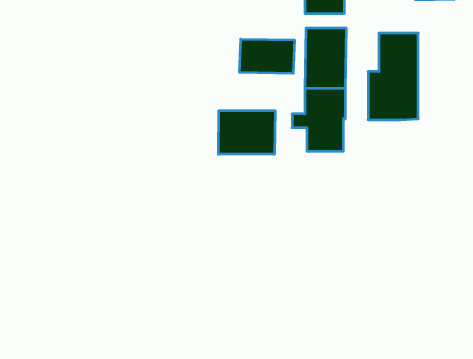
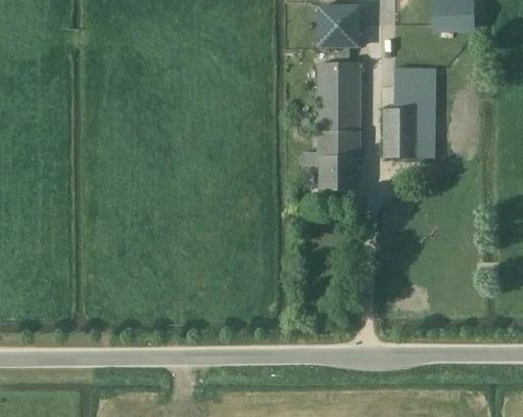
building: [240,39,294,73] -> none
building: [218,111,275,154] -> none

